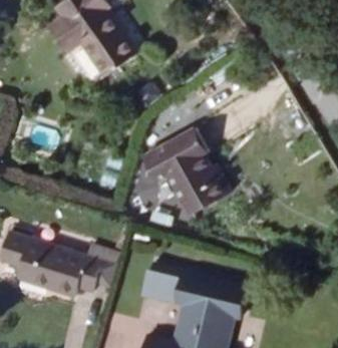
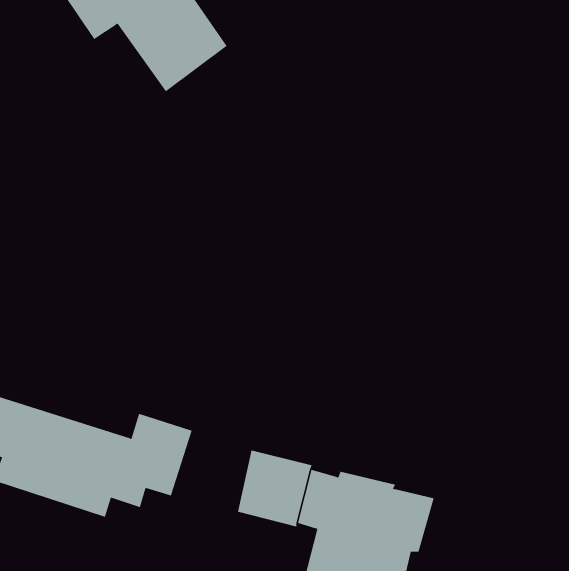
building: [141,129,228,215] -> none

